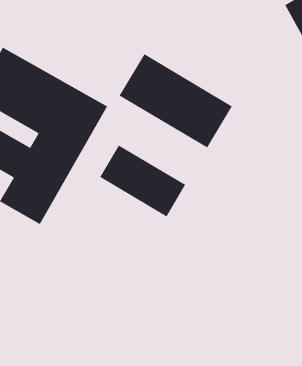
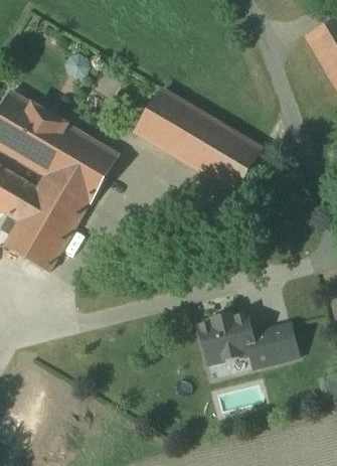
building: [99,144,186,217] -> none
building: none -> [195,311,304,372]

